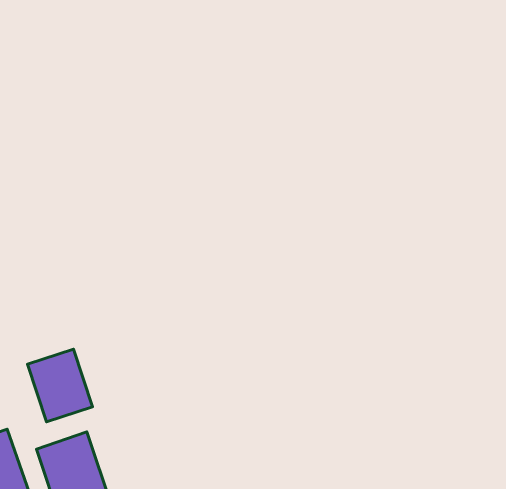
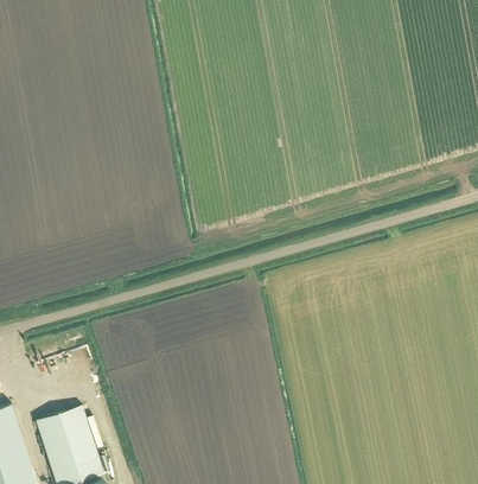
building: [27,349,93,422] -> none

